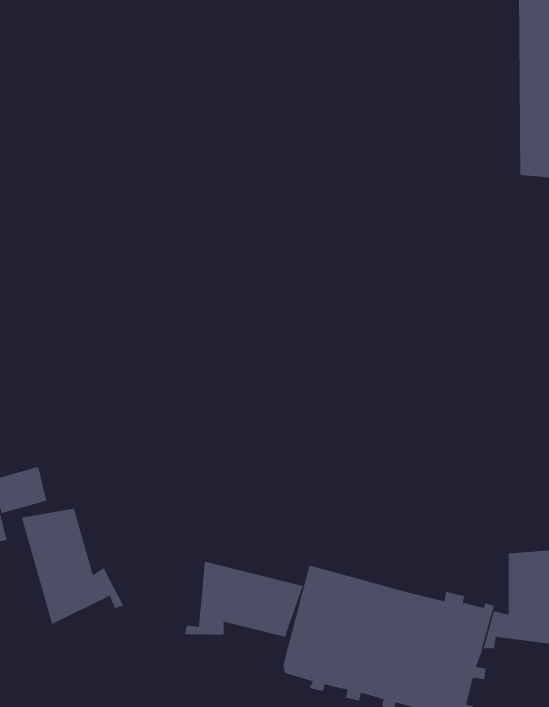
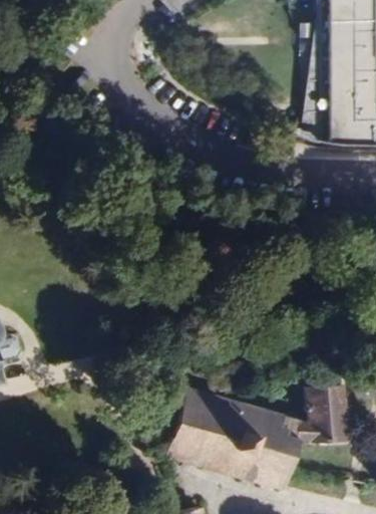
building: [21,508,124,625] -> none
building: [184,561,303,638] -> none

